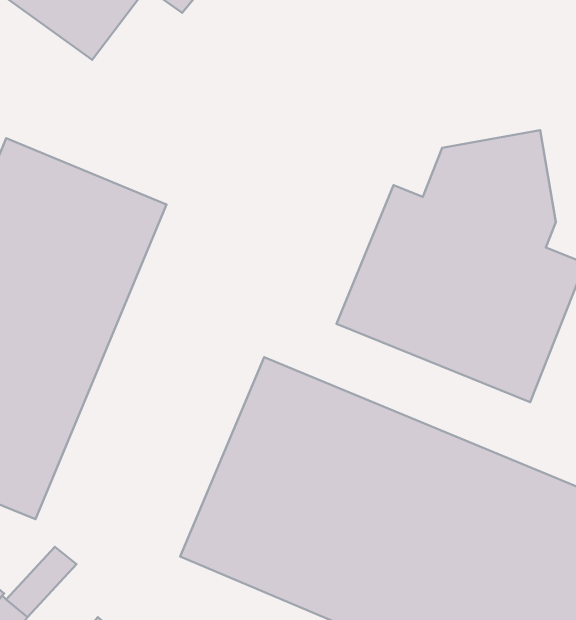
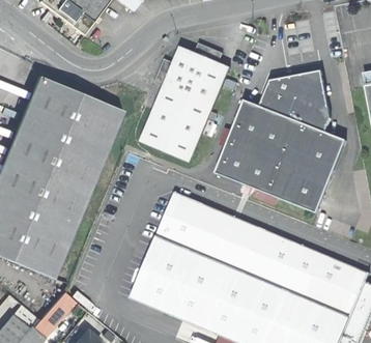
building: none -> [140,44,230,165]

